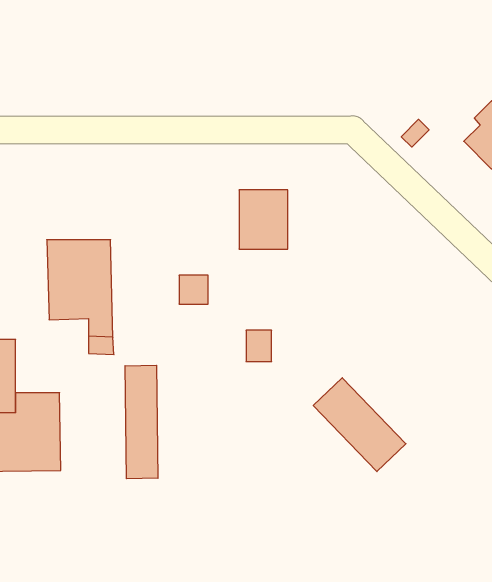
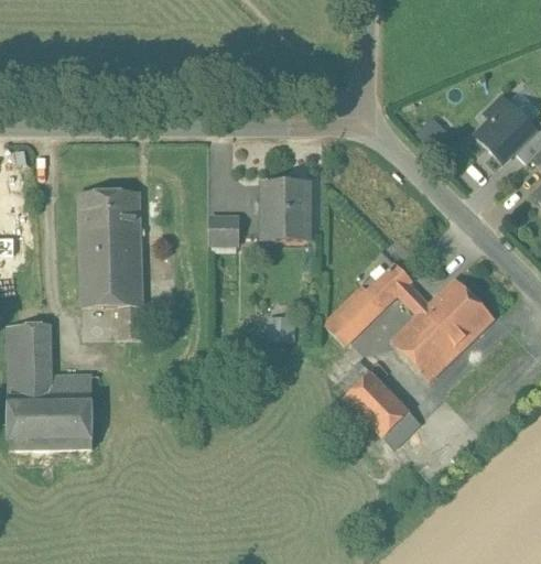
building: none -> [78,192,140,229]
building: none -> [322,262,494,381]
building: [179,275,208,304] -> [210,216,238,243]
building: [125,365,158,479] -> none

